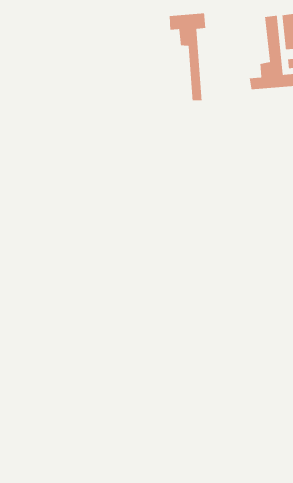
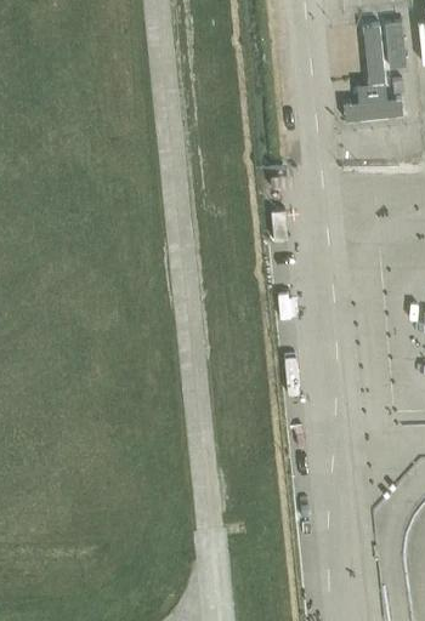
building: [169,12,206,101] -> none

